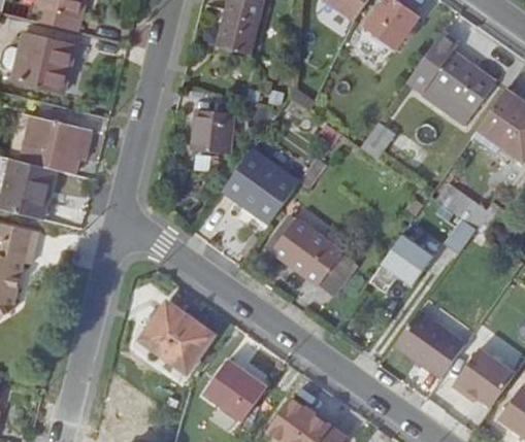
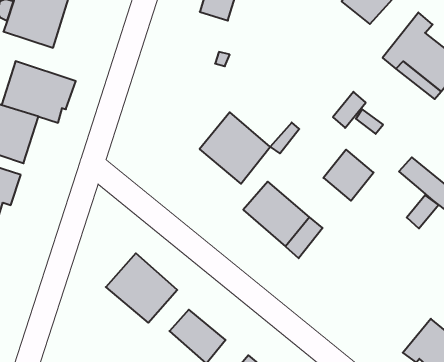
building: [192,109,234,158] -> none
building: [381,234,432,286] -> [323,150,374,201]
building: [395,313,462,379] -> none

